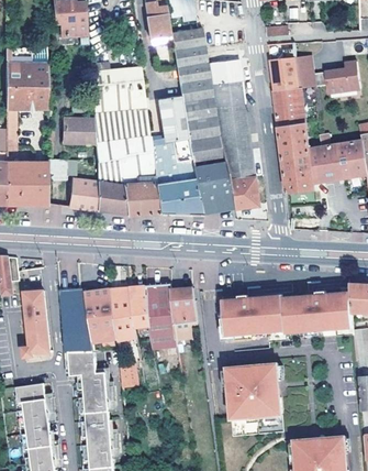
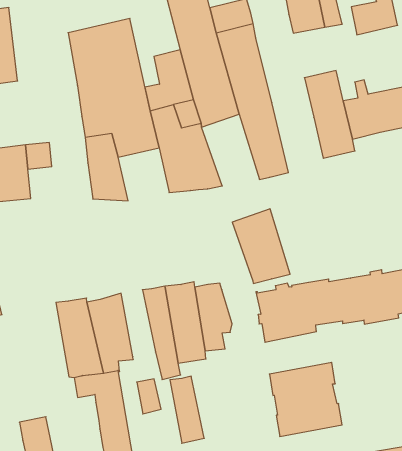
building: [274,88,305,128] -> none
building: [64,116,94,142] -> none
building: [191,152,234,211] -> [232,209,290,283]
building: [121,173,159,213] -> none
building: [68,178,97,209] -> none
building: [112,287,135,341] -> [170,376,204,443]
building: [22,292,47,359] -> none

